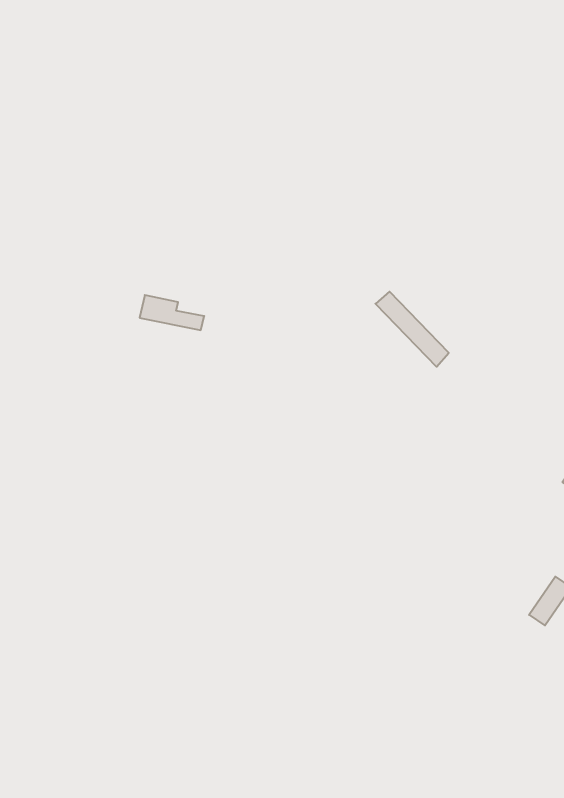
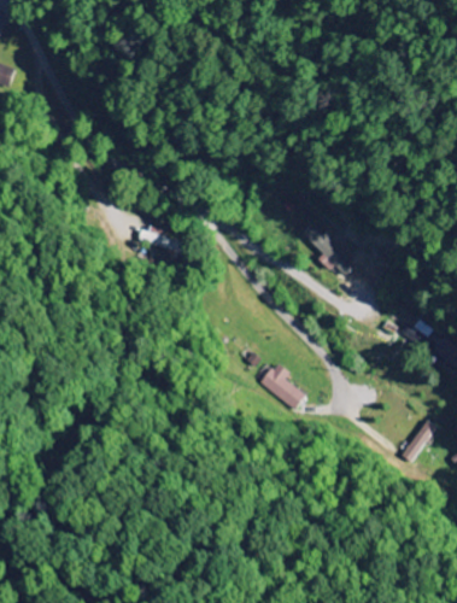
building: none -> [260,362,306,409]

